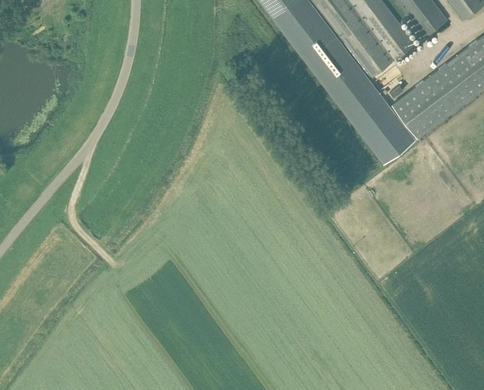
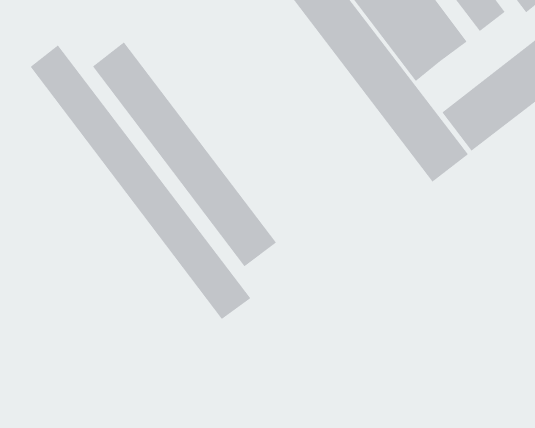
building: none -> [92,42,277,267]
building: none -> [30,45,251,320]

